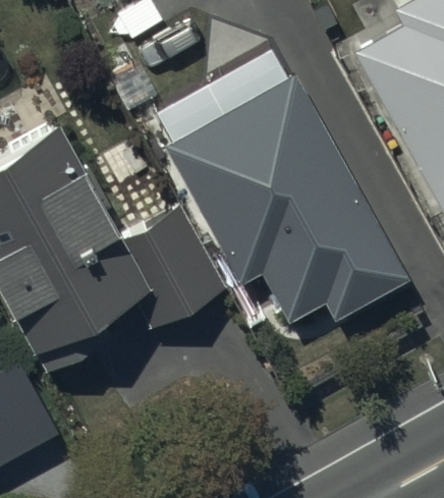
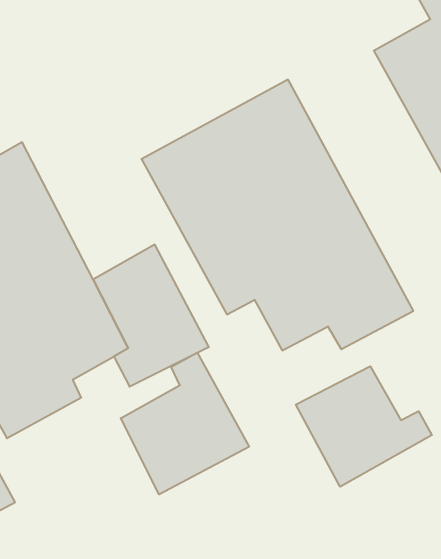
building: none -> [121,353,249,494]
building: none -> [296,366,432,487]

